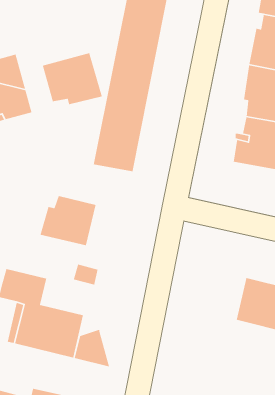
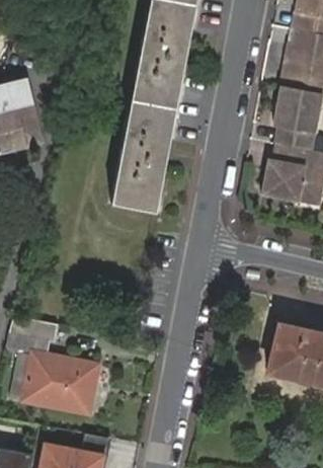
building: [42,52,103,105] -> none
building: [40,195,97,246] -> none
building: [74,329,110,368] -> none

